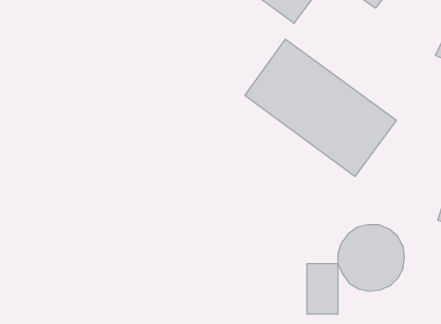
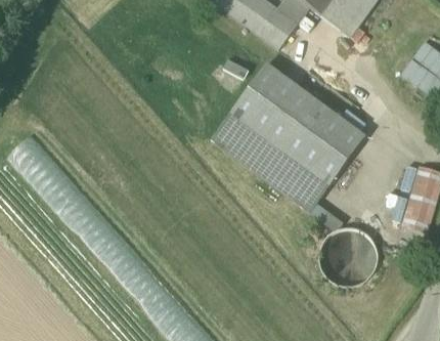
building: none -> [212,113,329,212]
building: [307,264,338,314] -> none

